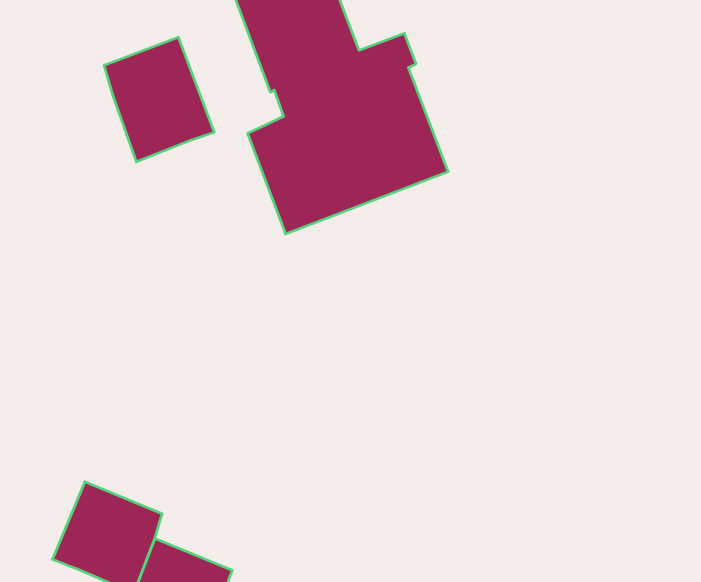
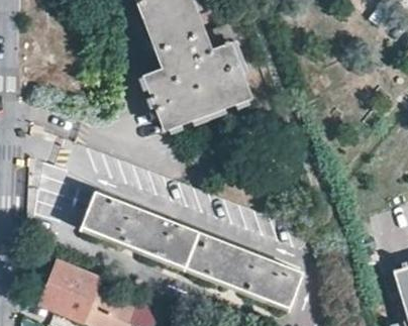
building: [104,37,214,162] -> none
building: none -> [84,192,300,304]

